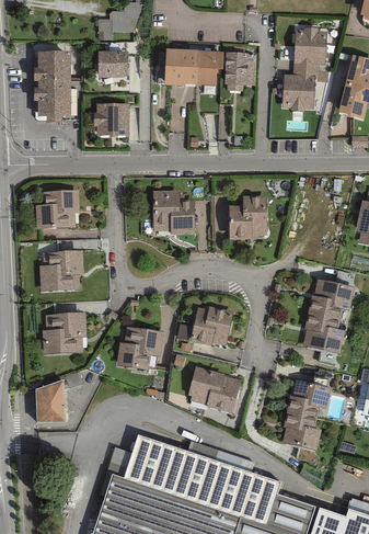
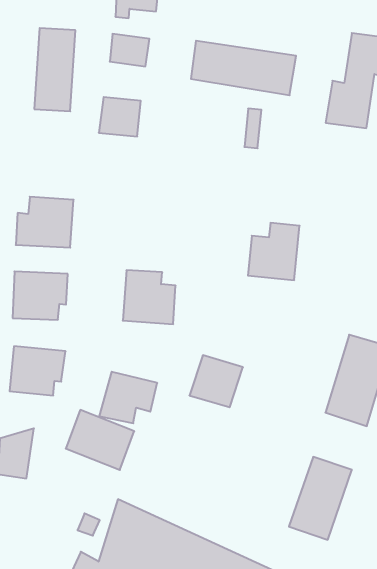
building: [152,191,195,234] -> [123,270,176,324]
building: [187,368,242,414] -> [66,410,134,470]

